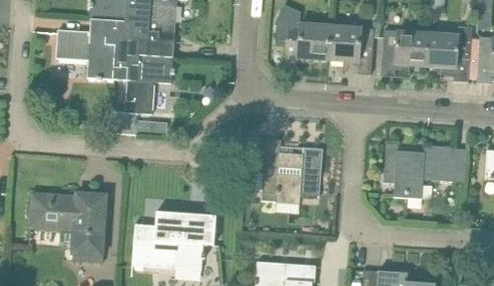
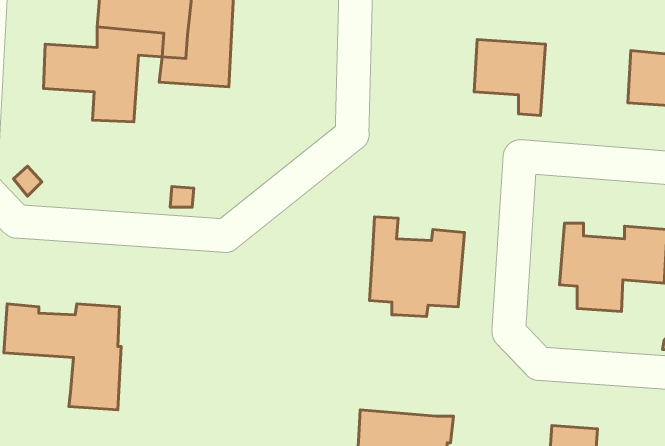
building: [275,13,331,69] -> none
building: [380,29,428,76] -> none
building: [113,36,173,113] -> none
building: [132,211,215,268] -> none

